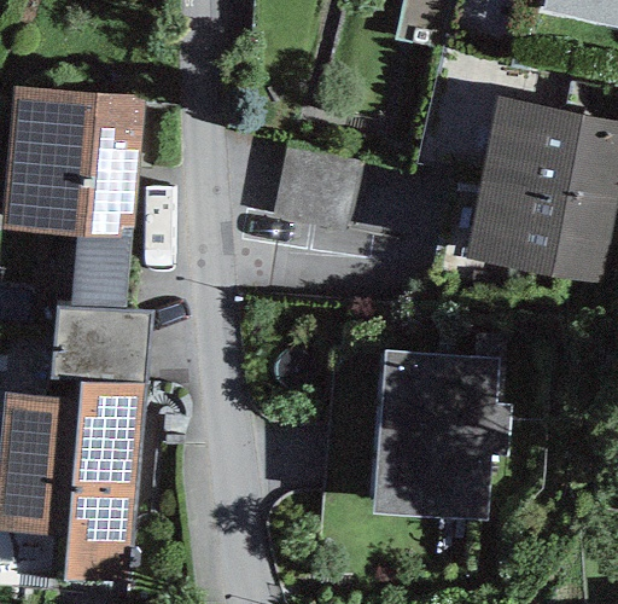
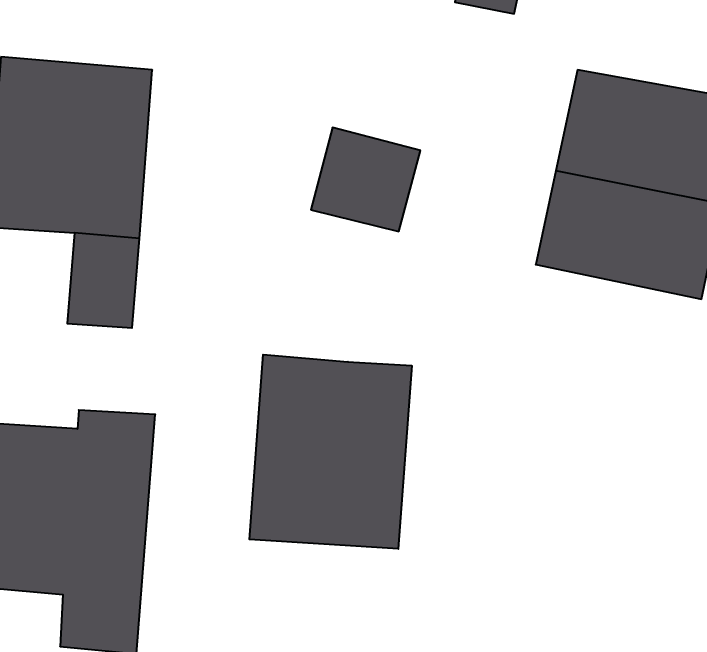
building: [49,307,150,384] -> none
building: none -> [249,355,412,549]
building: [373,349,512,521] -> none

